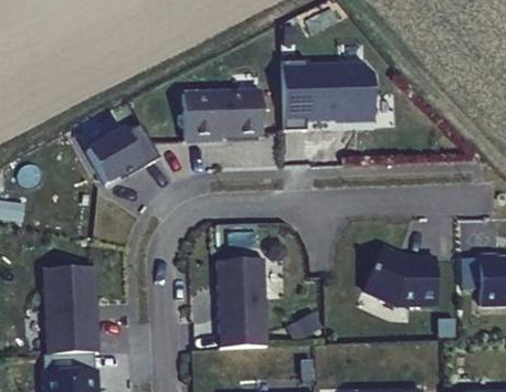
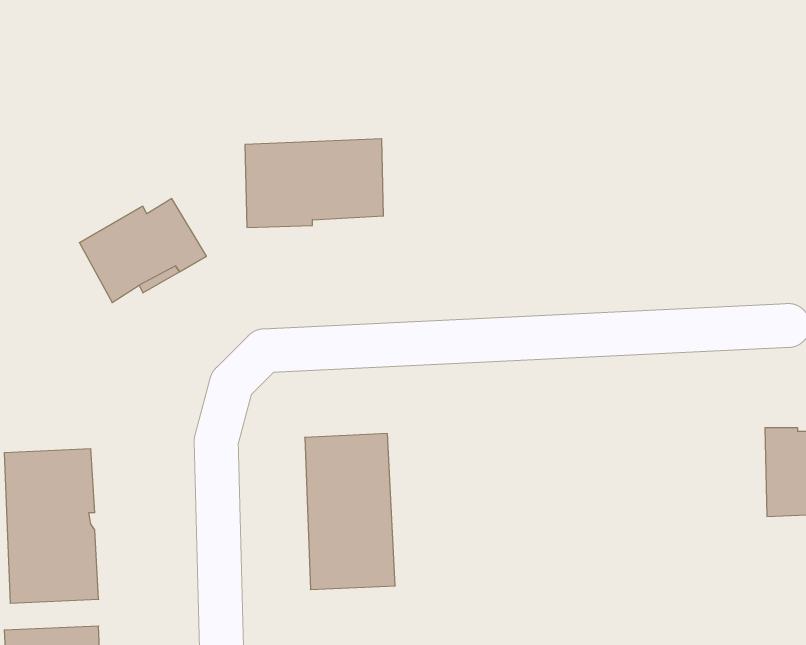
building: [281,57,375,128] -> none
building: [363,247,438,304] -> none

